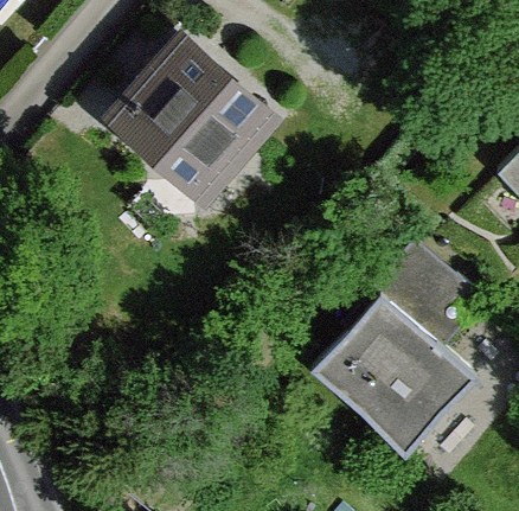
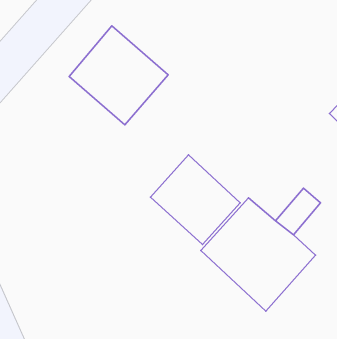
building: none -> [150,155,240,245]

